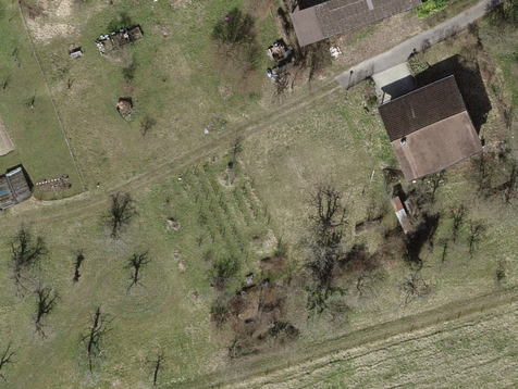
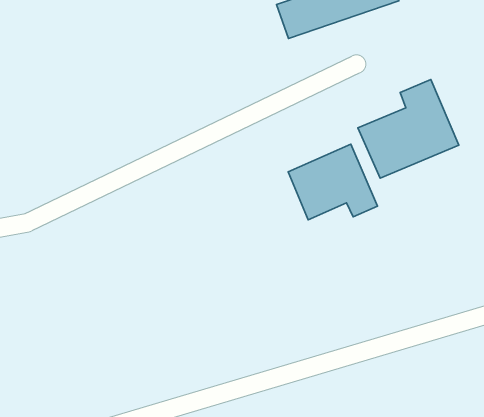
building: none -> [288,144,378,220]

